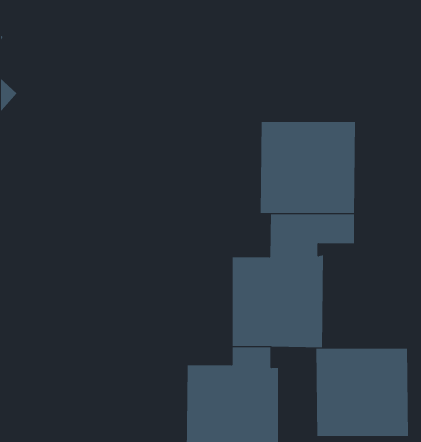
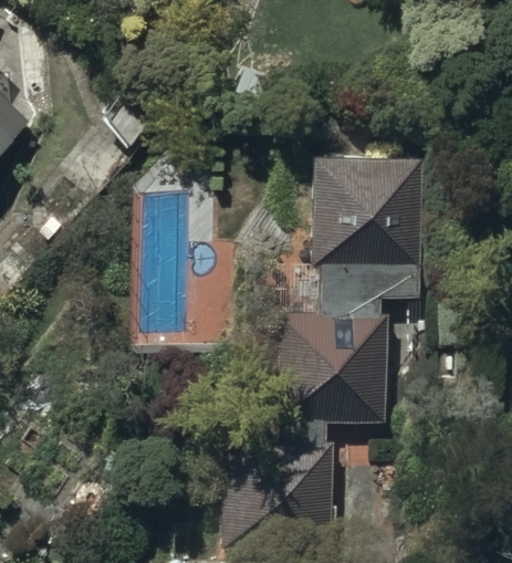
building: [316,348,408,437] -> none

